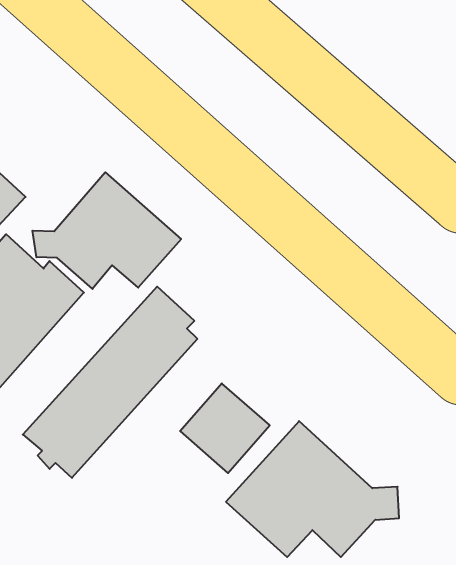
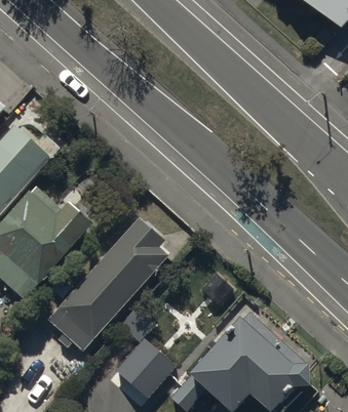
building: [32,172,181,289] -> none
building: [180,383,270,473] -> [112,333,173,395]

